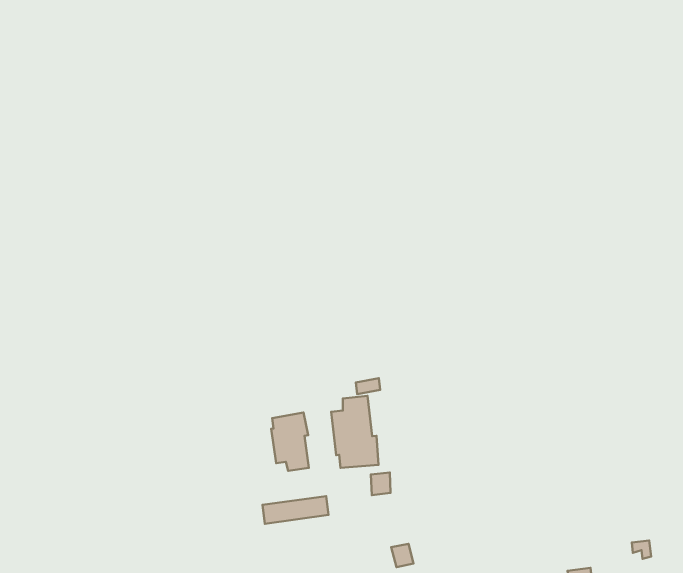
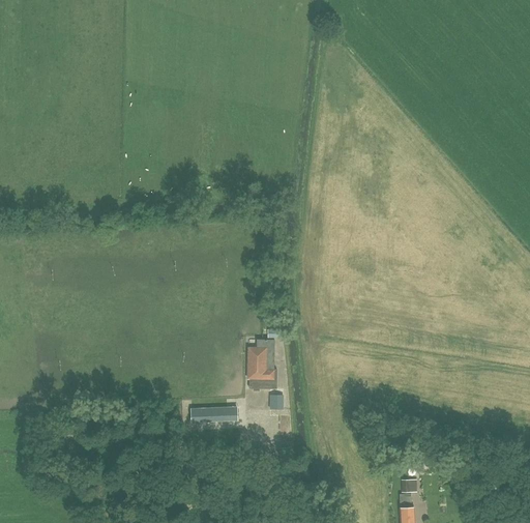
building: [271,413,309,471] -> none

